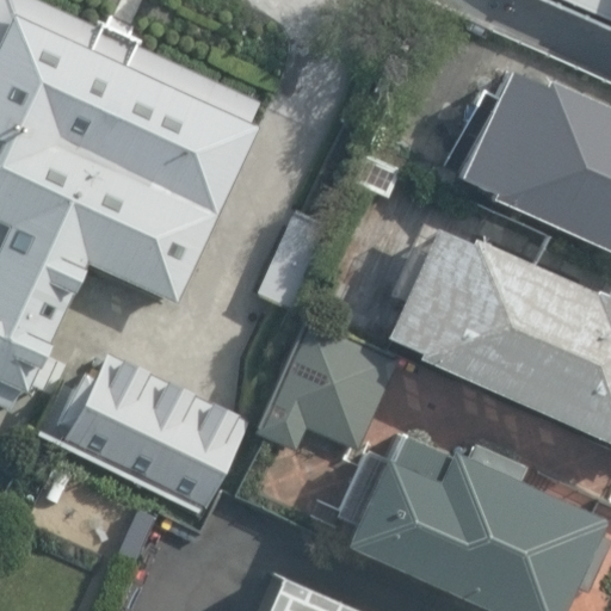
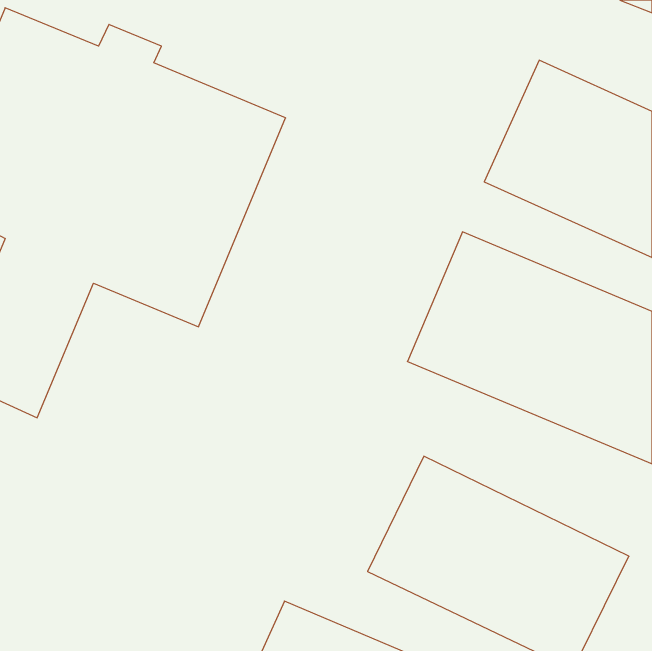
building: [261,317,403,453] -> none
building: [32,356,254,531] -> none

